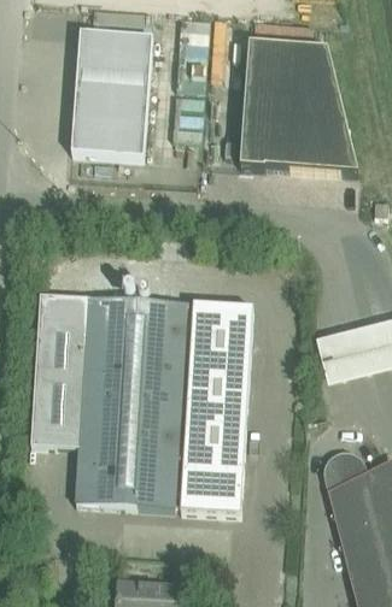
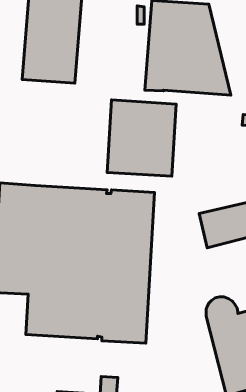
building: none -> [107,100,176,176]

